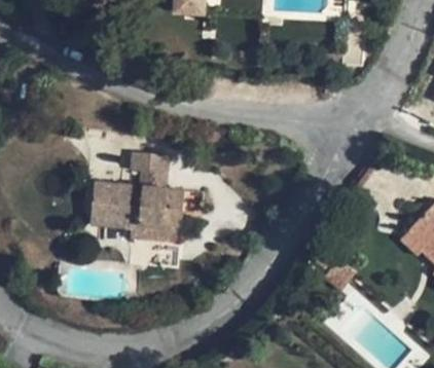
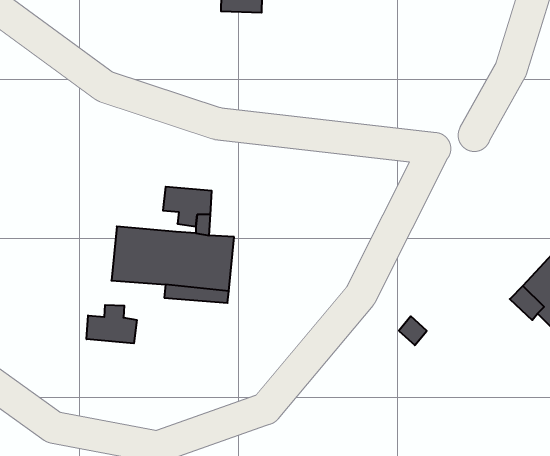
building: none -> [87,305,137,343]

